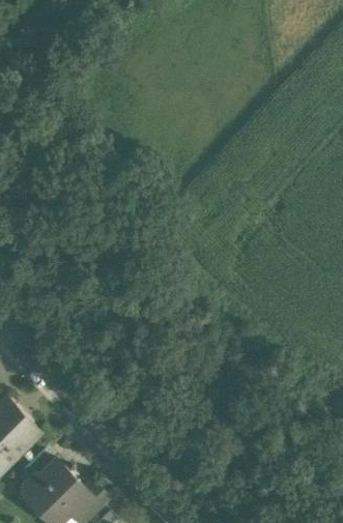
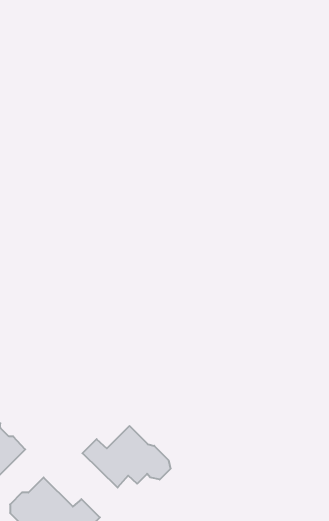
building: none -> [82,426,171,488]

